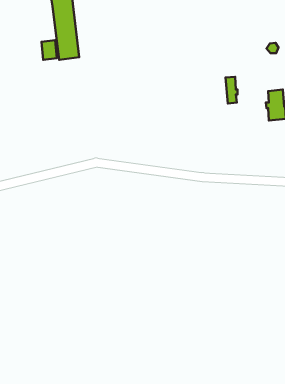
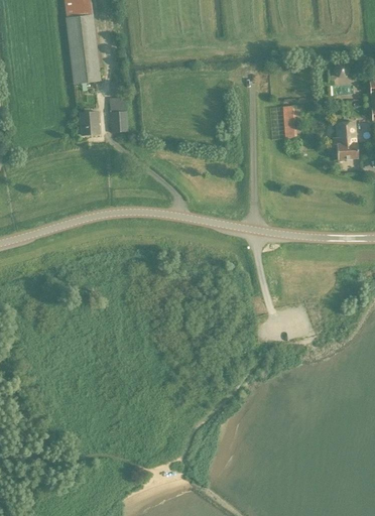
building: [42,40,57,60] -> [80,111,99,135]
building: none -> [109,97,128,132]

